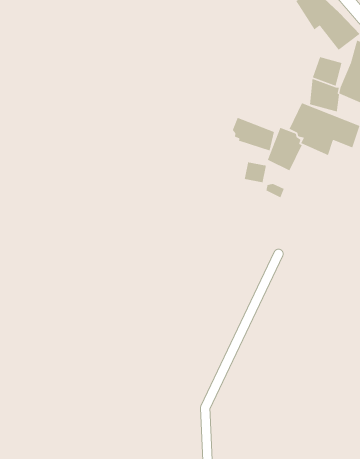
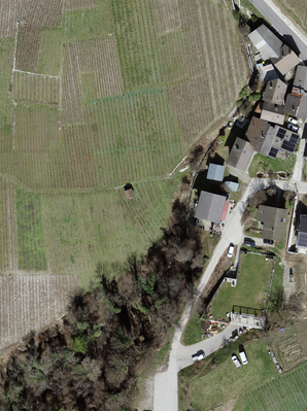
building: [232,117,275,152] -> none
building: none -> [193,187,227,224]
building: none -> [257,204,287,239]

